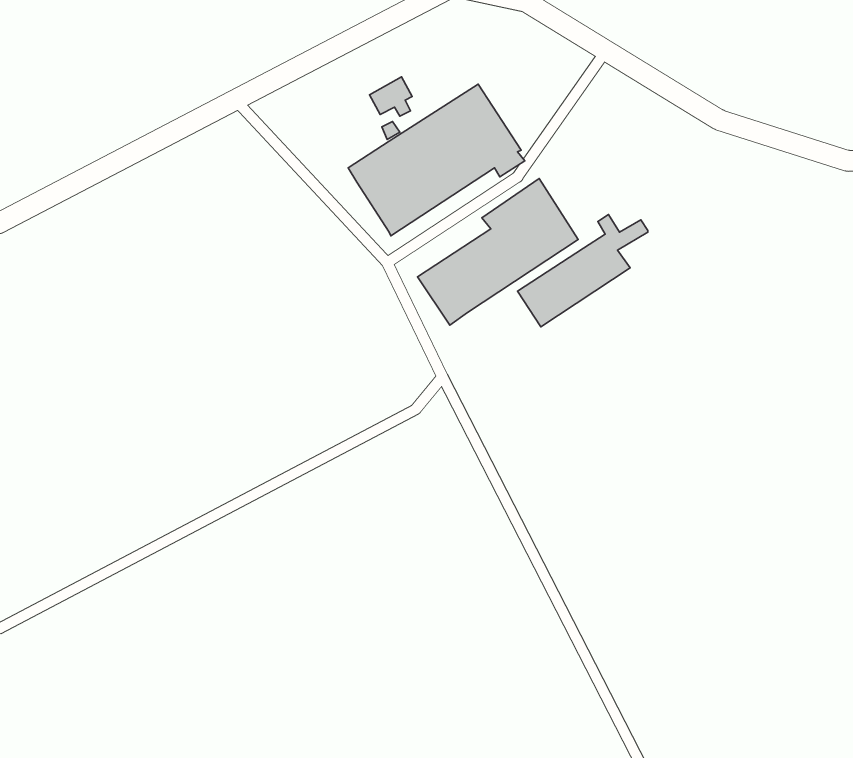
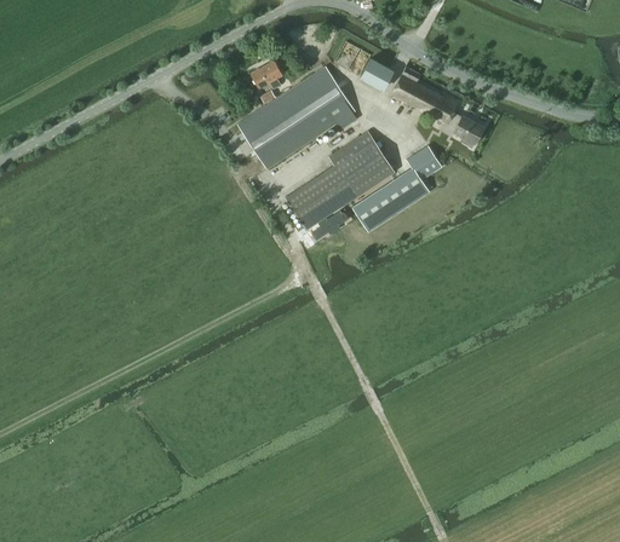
building: none -> [360,57,392,88]
building: none -> [391,65,482,145]

